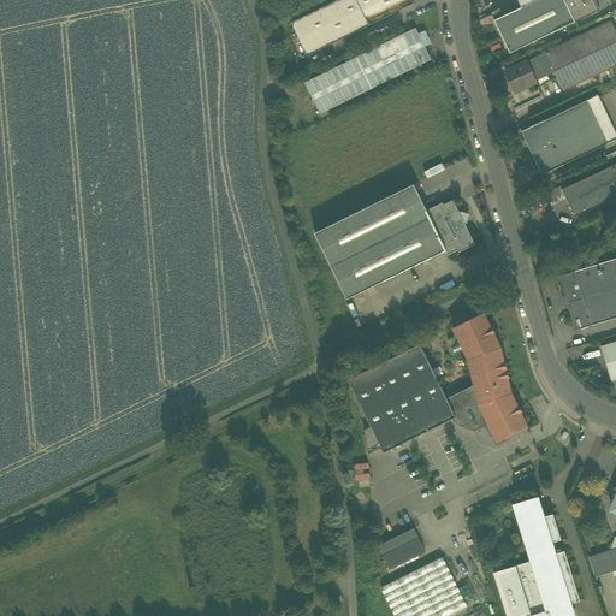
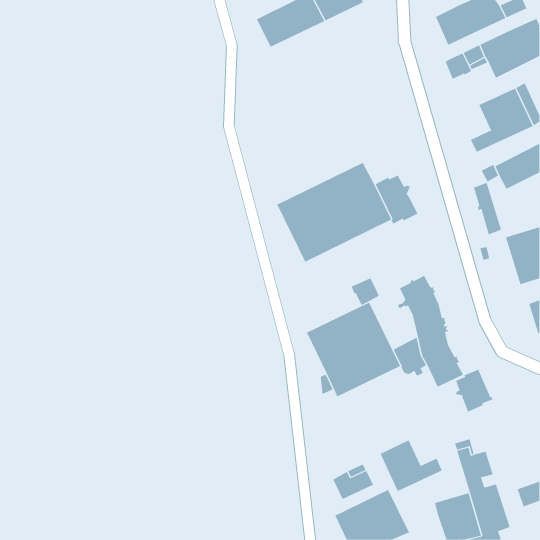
building: [303,26,428,112] -> none
building: [521,119,557,159] -> none
building: [558,270,591,330] -> [473,182,502,235]
building: none -> [351,278,379,306]
building: none -> [454,369,493,412]
building: none -> [380,440,442,492]

